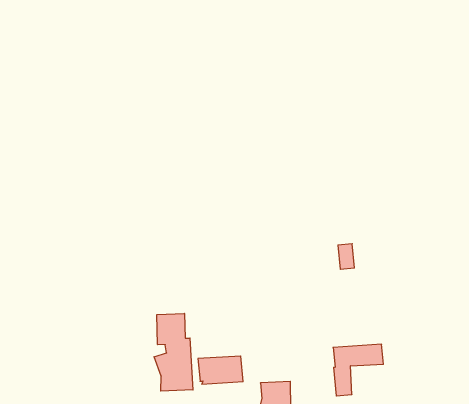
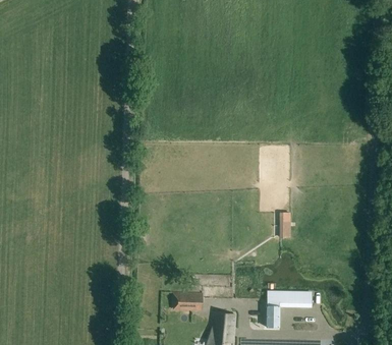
building: [154,313,193,391] -> none

